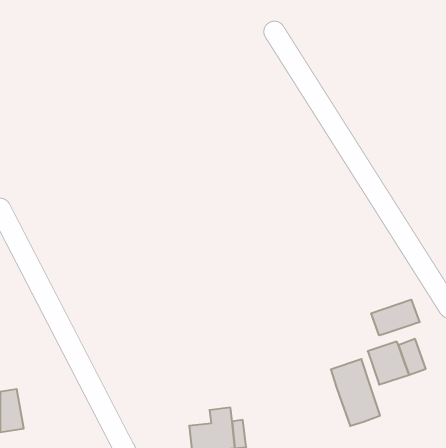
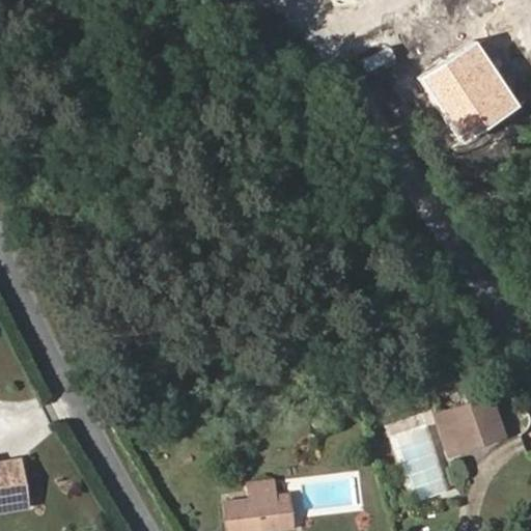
building: none -> [413,44,510,144]
building: [371,300,420,335] -> none

